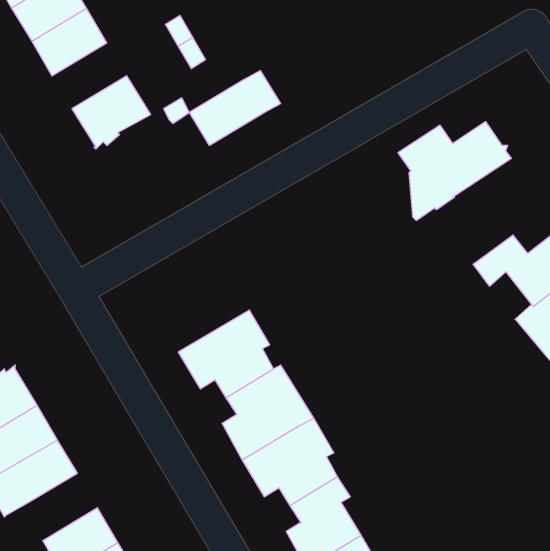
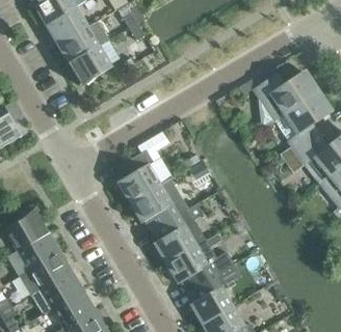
building: [189,70,281,145] -> [57,22,109,64]
building: none -> [276,92,332,153]
building: none -> [115,150,172,202]
building: none -> [41,271,83,309]

